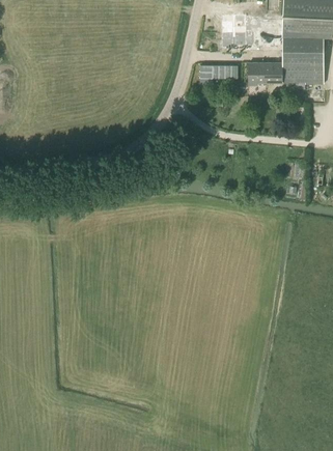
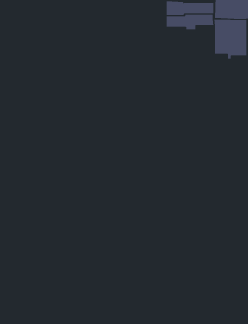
building: [248,62,282,85] -> none
building: [200,65,238,84] -> none

